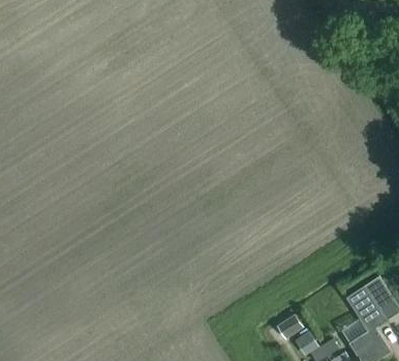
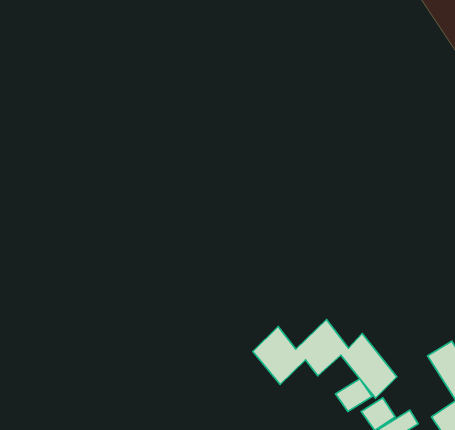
building: none -> [253,320,397,398]

